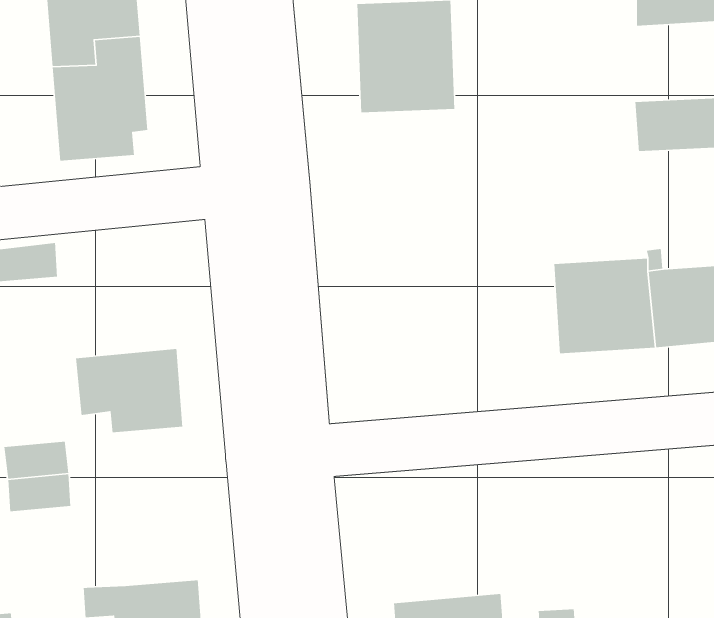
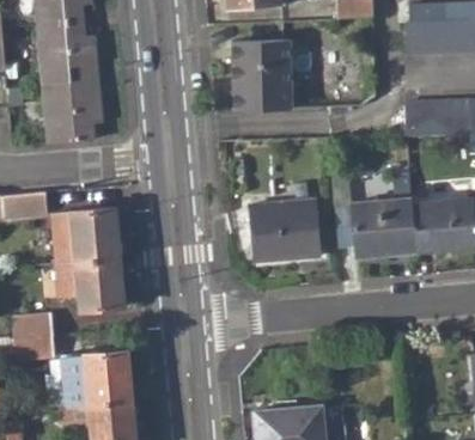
building: none -> [248,201,319,263]
building: none -> [53,208,120,262]
building: none -> [59,349,133,404]

